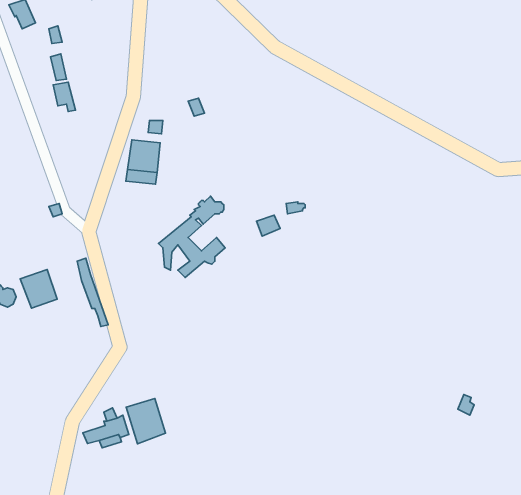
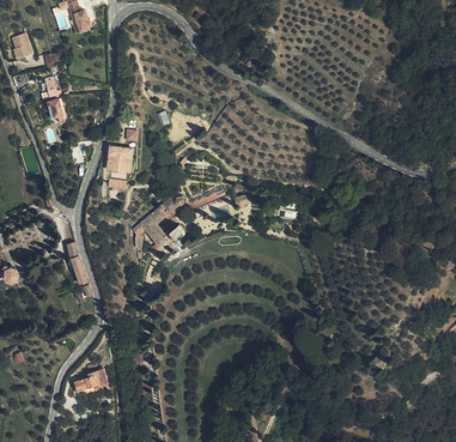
building: [20,270,57,308] -> none
building: [126,398,166,444] -> none

